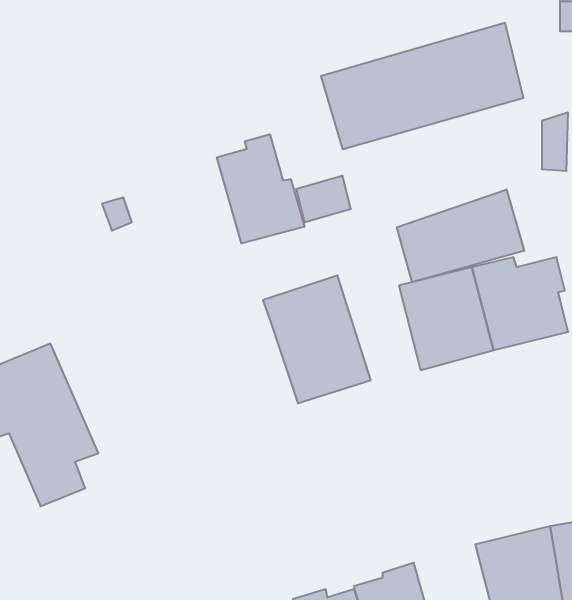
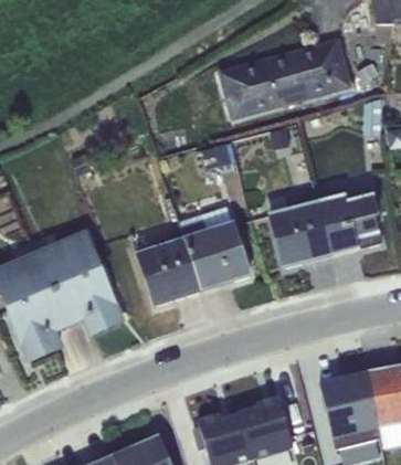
building: [217,134,304,243] -> none
building: [397,189,524,282] -> none
building: none -> [36,230,122,332]
building: none -> [137,236,201,305]

